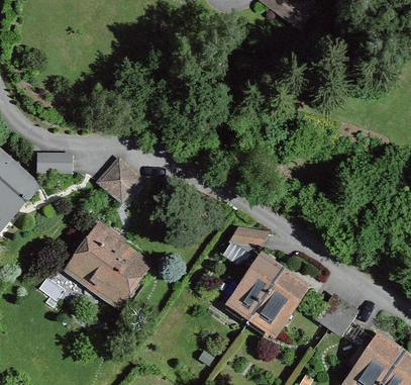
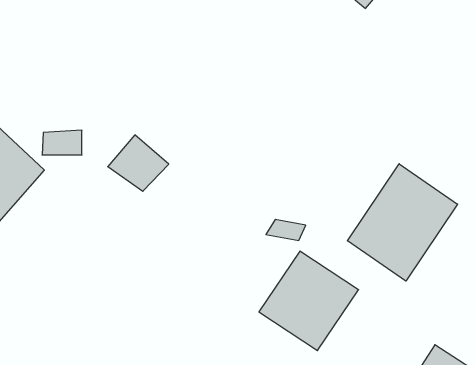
building: none -> [347,164,458,281]
building: [64,224,152,310] -> none

